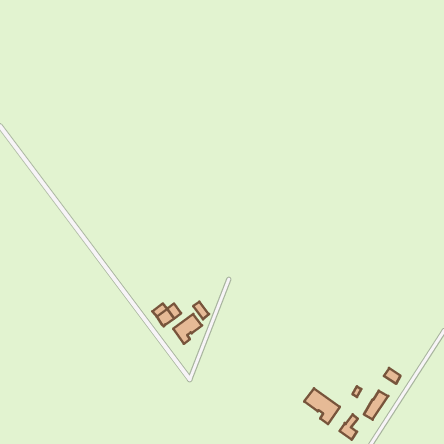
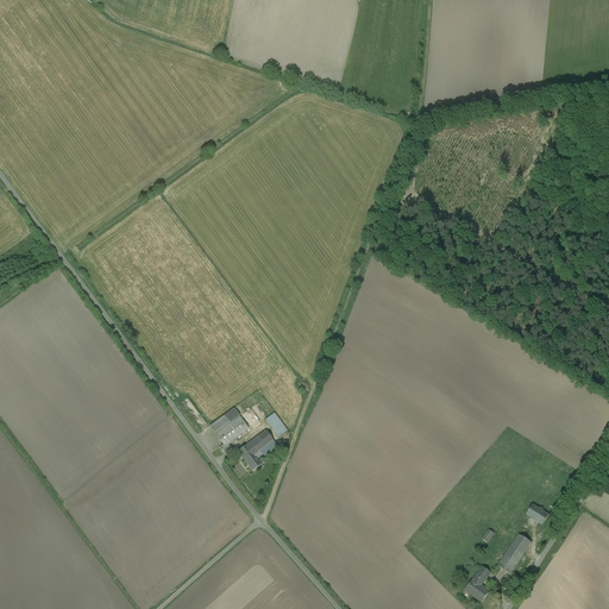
building: [304,388,340,424] -> none

